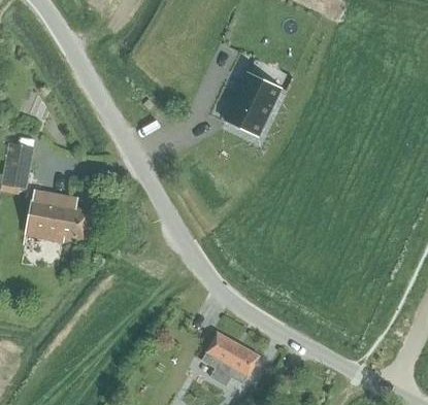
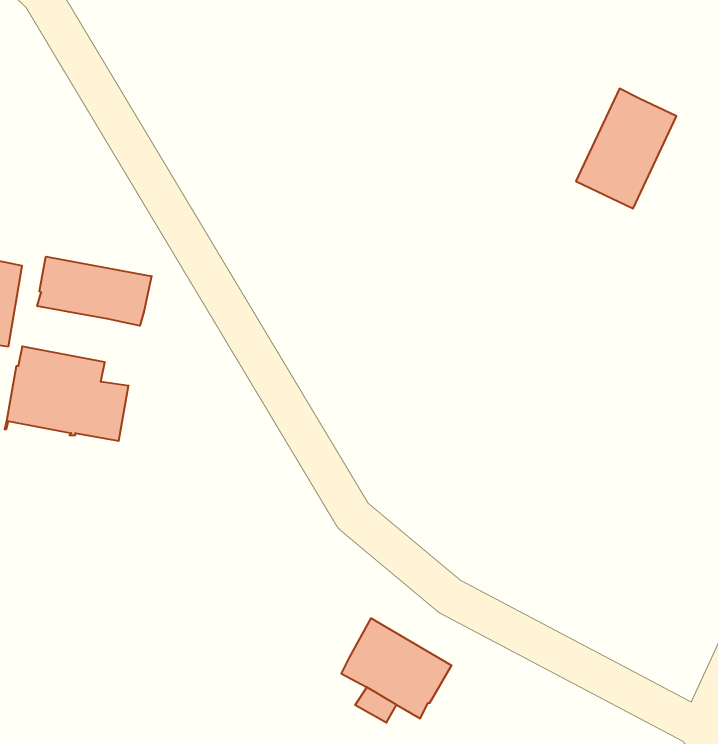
building: [227,72,279,135] -> [576,89,676,209]
building: none -> [37,257,152,326]

